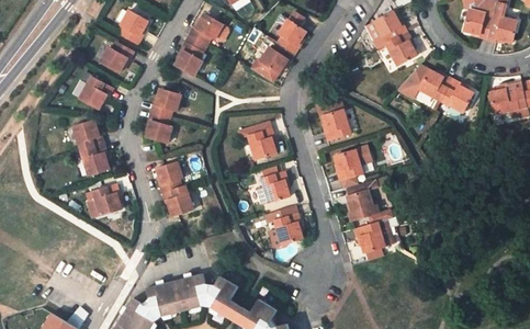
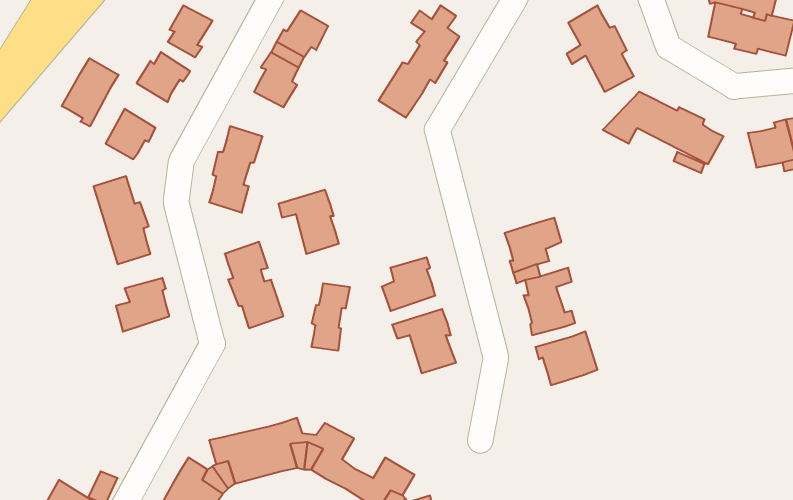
building: none -> [62,58,119,126]
building: [316,97,350,140] -> none
building: [237,120,275,160] -> [278,190,339,254]
building: none -> [312,283,350,351]

